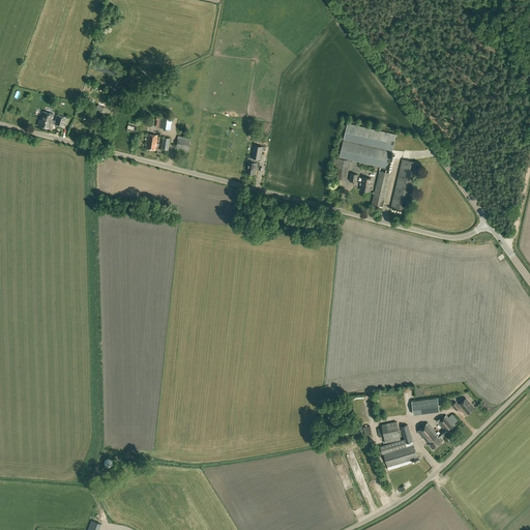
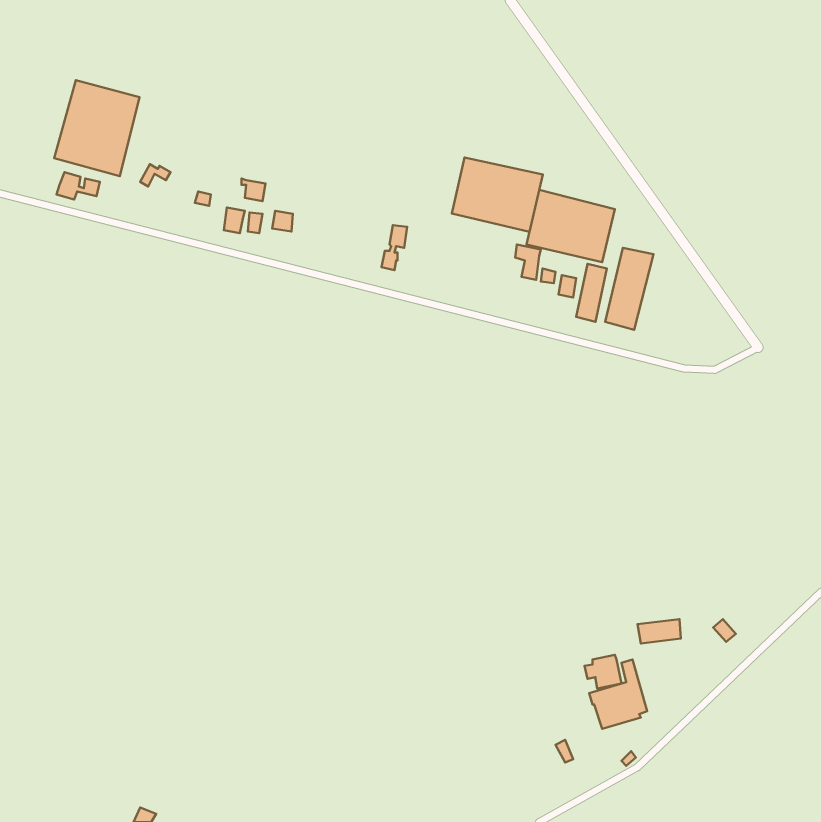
building: none -> [54,80,139,176]
building: none -> [452,158,543,232]
building: [416,415,453,449] -> none

